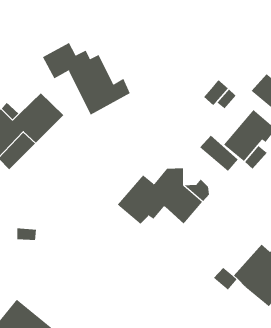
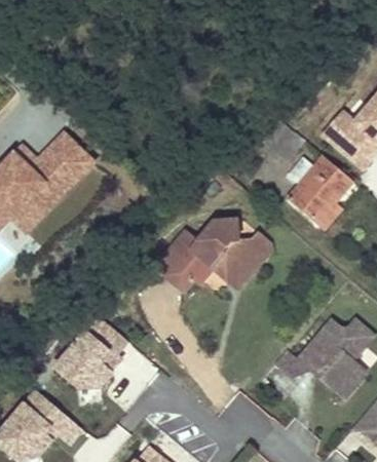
building: [42,42,131,116] -> none
building: [199,135,239,172] -> none
building: none -> [53,313,129,388]

